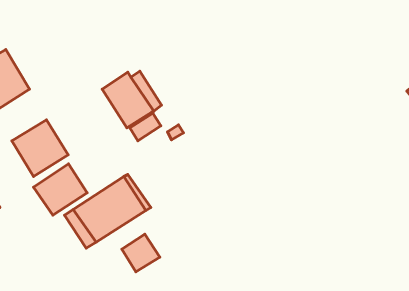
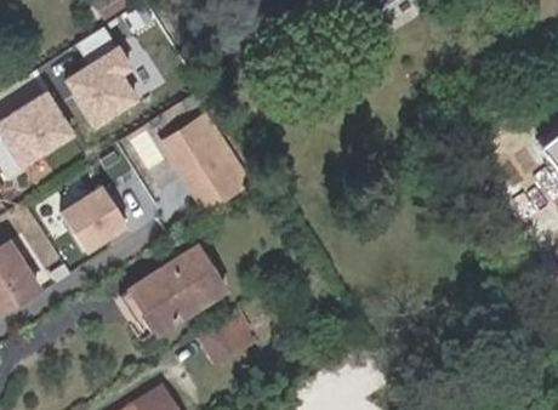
building: none -> [70,44,142,124]
building: [34,164,87,215] -> none

